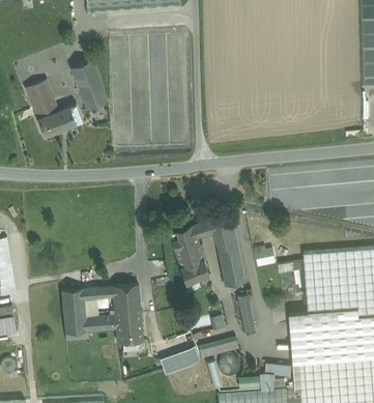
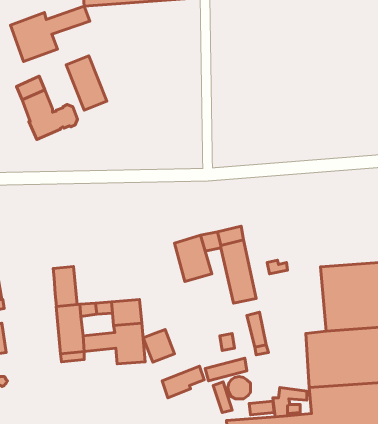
building: none -> [11,6,90,62]
building: none -> [53,266,77,306]
building: [179,259,208,291] -> none
building: none -> [143,330,175,362]

